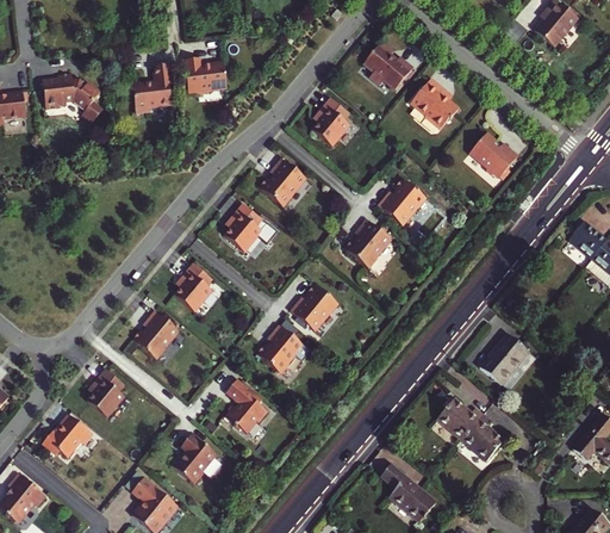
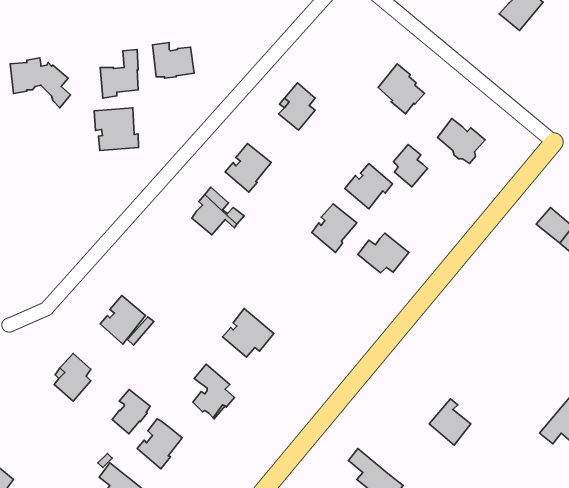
building: [365,42,413,88] -> none
building: none -> [94,108,138,151]
building: none -> [394,144,427,187]
building: none -> [358,233,409,273]
building: [175,262,213,310] -> none
building: [290,284,338,330] -> none
building: [480,335,528,386] -> none
building: [438,399,485,440] -> none
building: none -> [112,389,150,434]
building: [42,415,92,459] -> none

